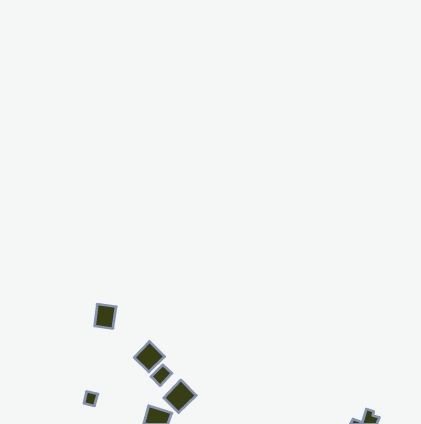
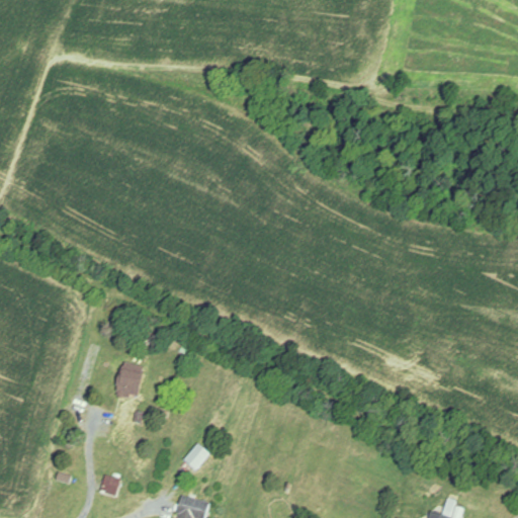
building: [134,341,165,372] -> none
building: [164,380,196,413] -> none

